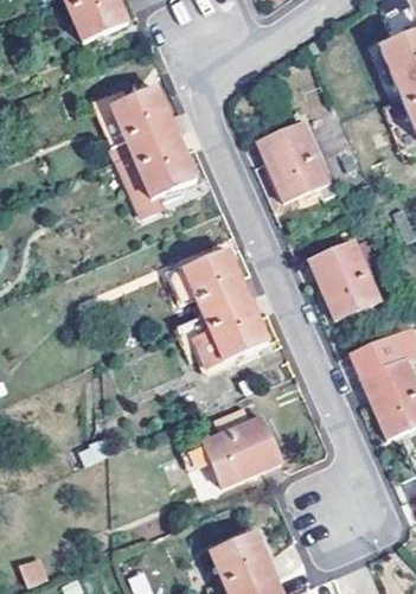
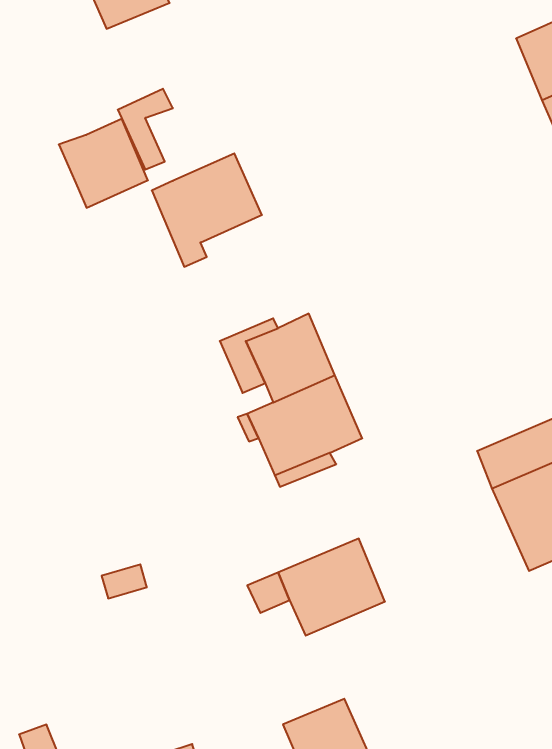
building: [108,88,173,153] -> [59,119,148,208]
building: [258,122,327,199] -> none
building: [311,241,380,318] -> none

